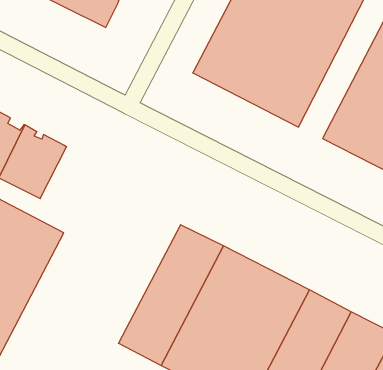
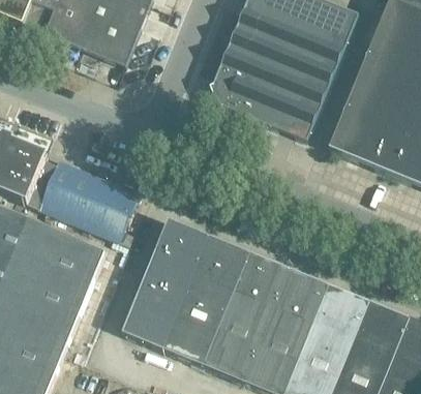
building: none -> [79,174,138,238]
building: none -> [121,218,207,346]

